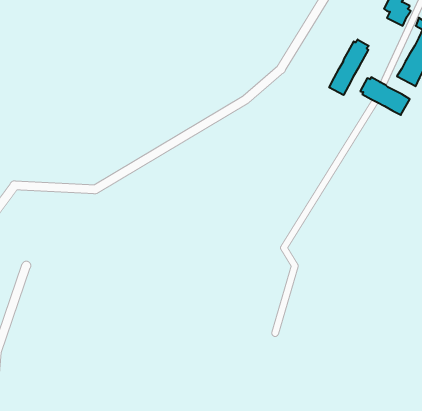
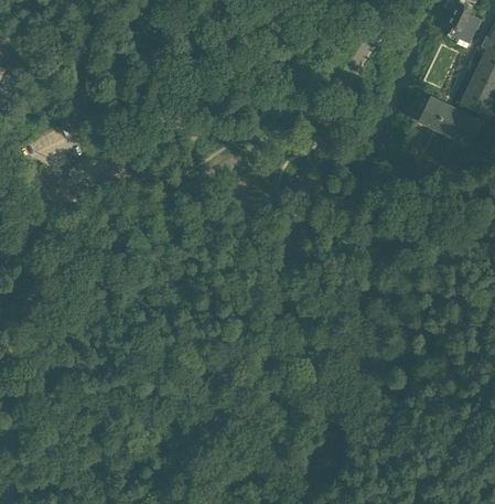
building: [329,39,369,95] -> none

